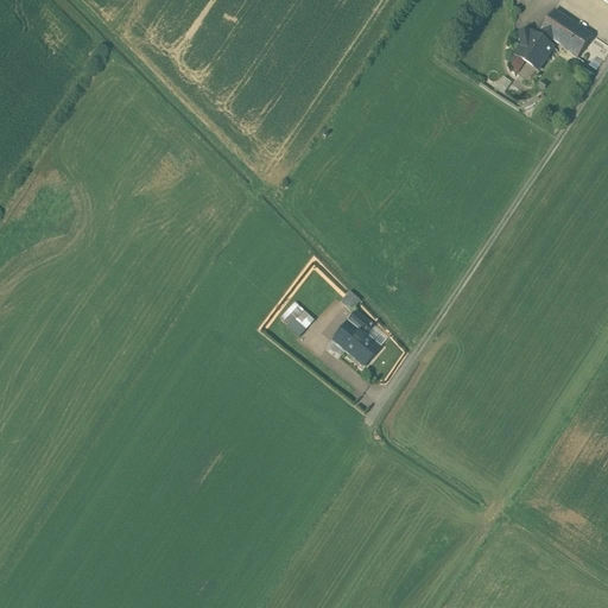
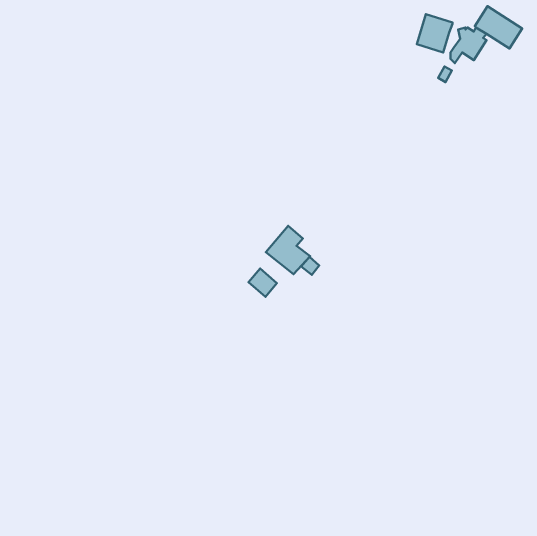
building: none -> [417,14,452,52]
building: [332,311,382,366] -> [266,226,310,274]

